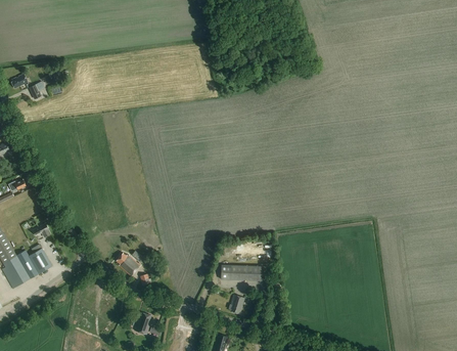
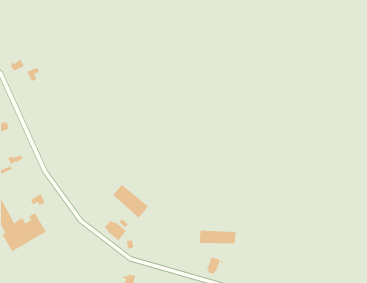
building: none -> [113,184,149,219]

